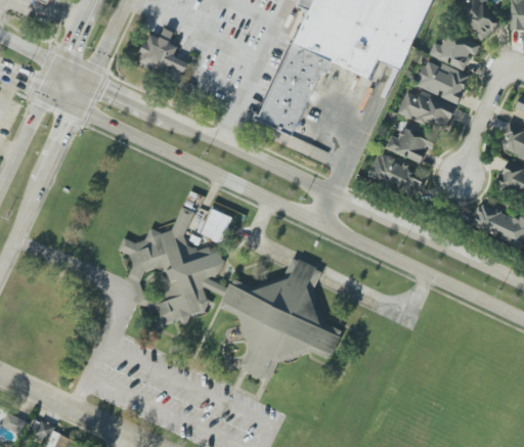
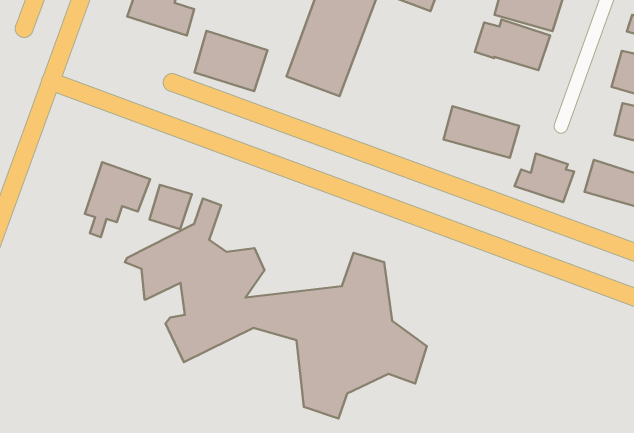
building: none -> [194,31,267,91]
building: [386,125,432,164] -> [515,153,574,202]
building: none -> [85,162,150,237]
building: [200,209,233,243] -> [149,185,192,229]

